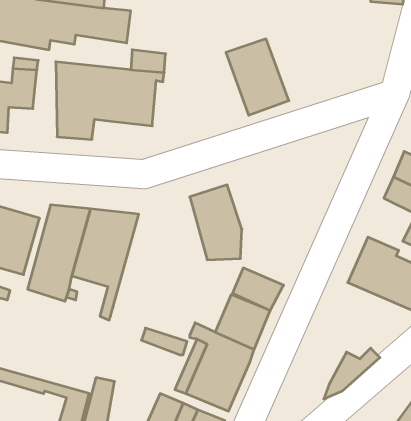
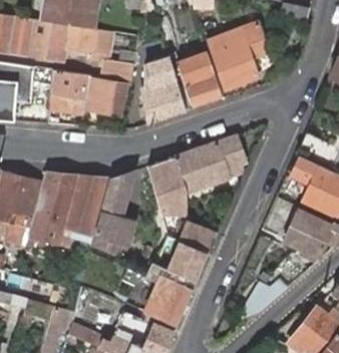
building: none -> [210,25,269,89]
building: none -> [138,53,185,120]
building: none -> [176,136,244,192]
building: none -> [90,172,131,259]

